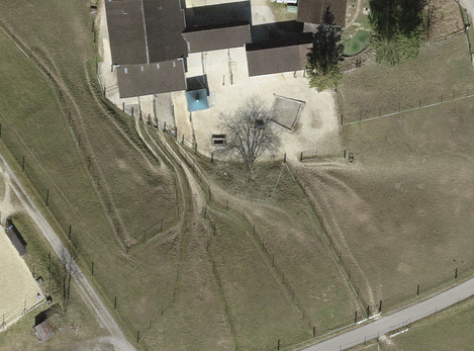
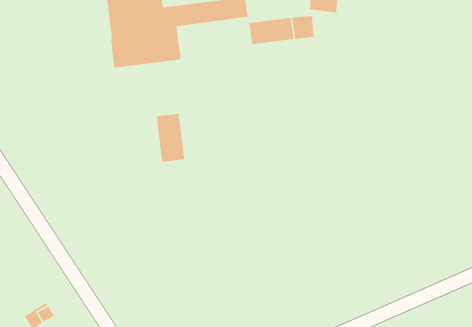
building: none -> [156,113,185,162]

